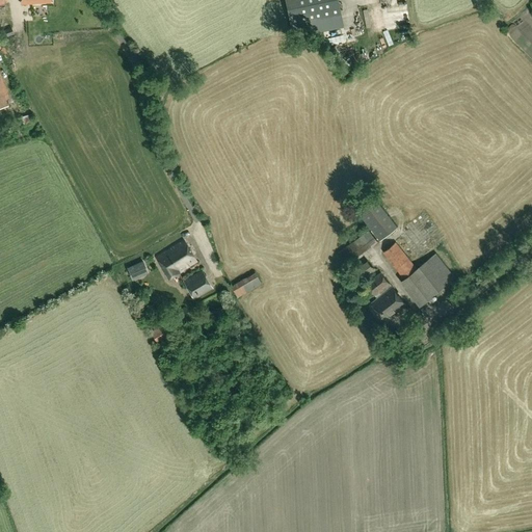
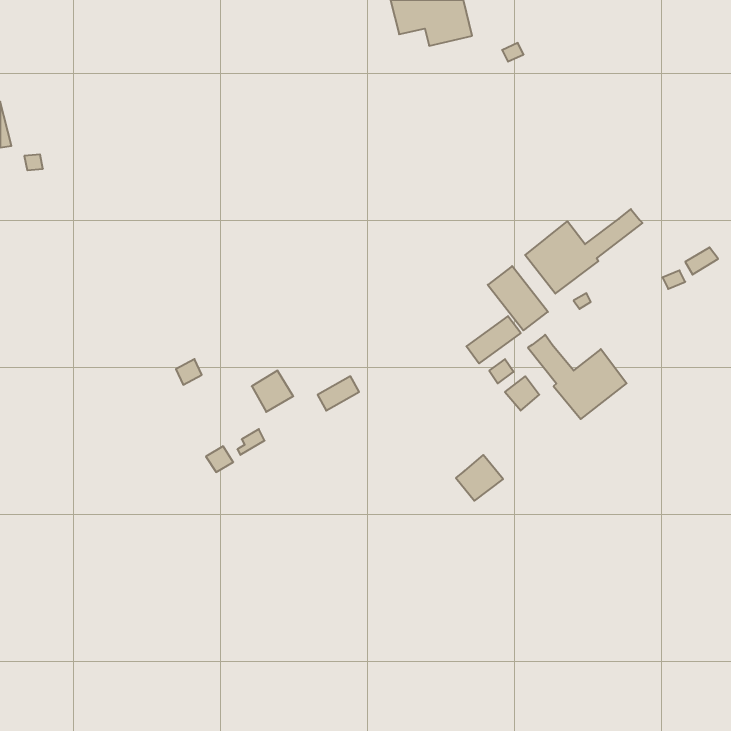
building: none -> [525,209,642,294]
building: [157,240,196,278] -> none
building: [372,287,406,320] -> [456,455,503,501]

